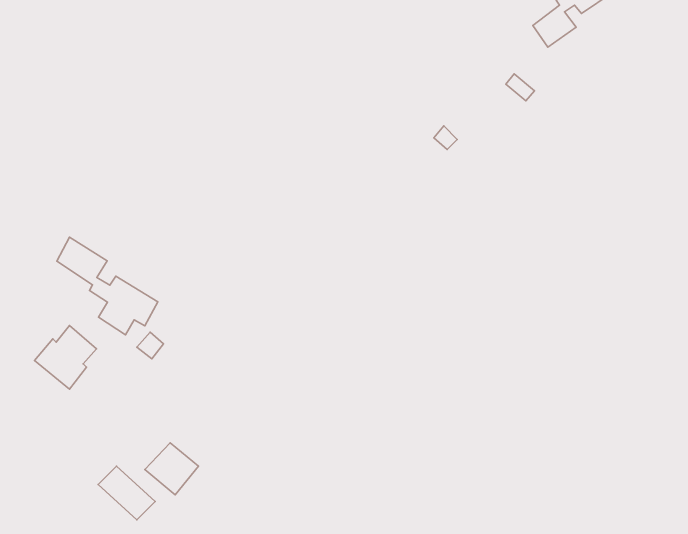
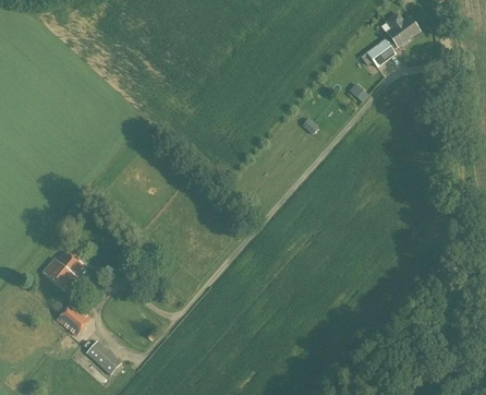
building: [57,237,158,335] -> none
building: [145,443,199,495] -> [57,300,92,334]

